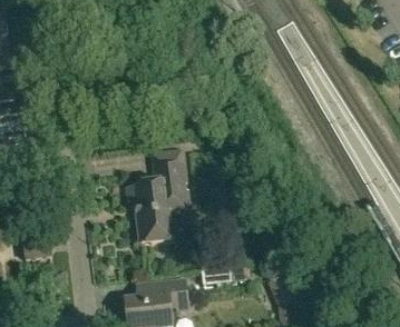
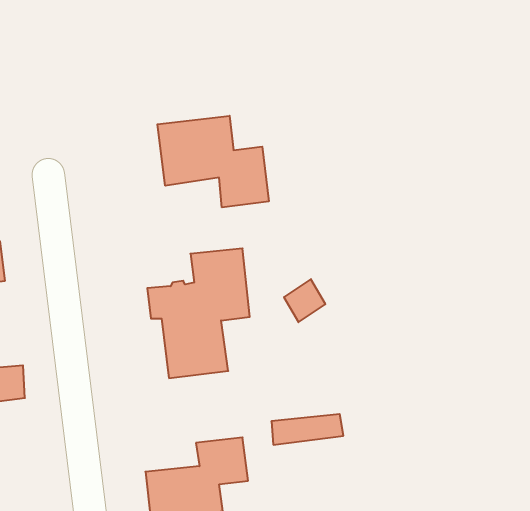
building: none -> [157,116,269,207]

